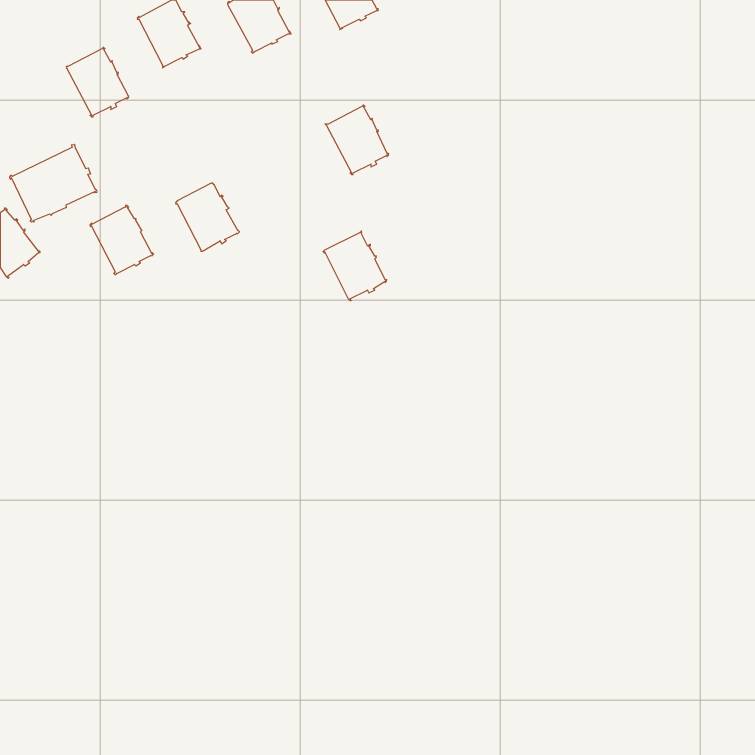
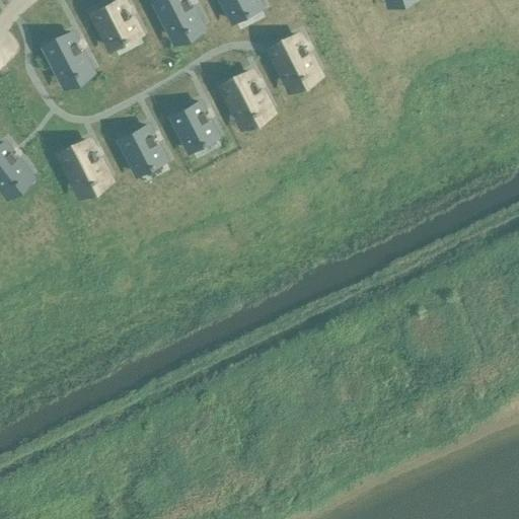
building: none -> [272,35,315,83]
building: [10,144,97,222] -> none
building: [323,231,387,300] -> [172,101,216,149]

